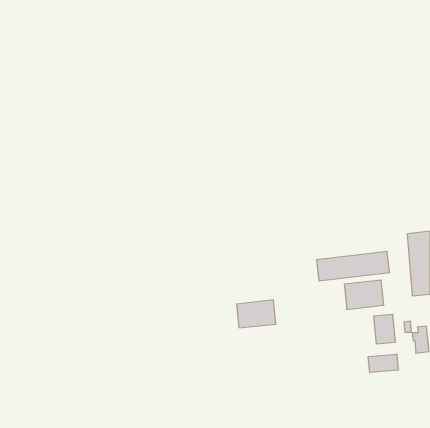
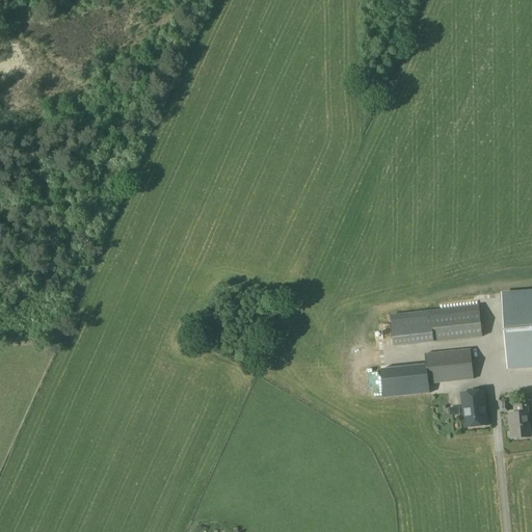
building: [236,300,276,328] -> [380,362,429,396]
building: [368,354,398,373] -> none

